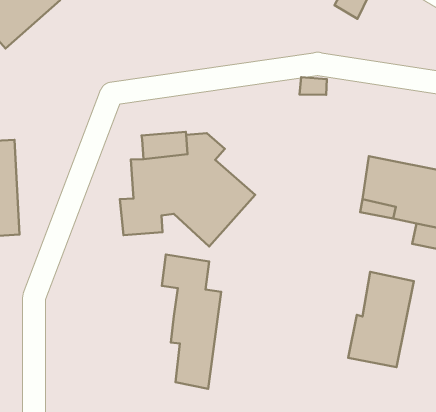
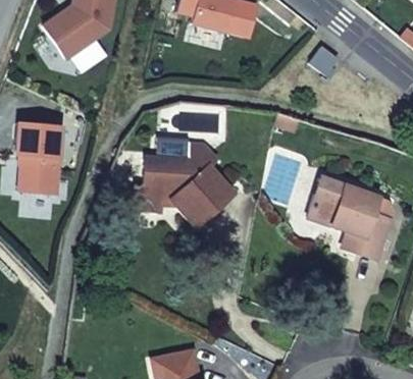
building: [162,254,221,389] -> none
building: [348,272,414,367] -> none

